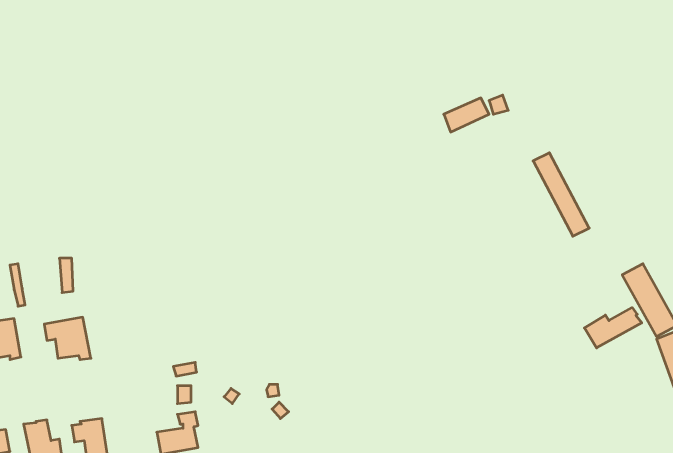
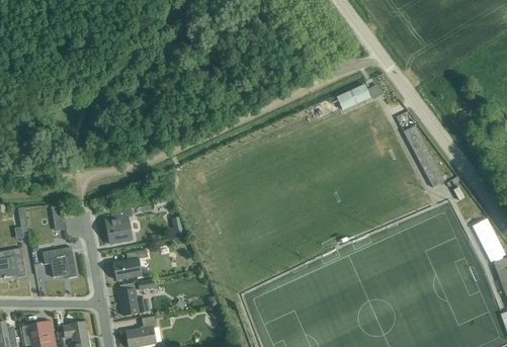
building: none -> [105,207,133,244]
building: [584,308,642,348] -> none
building: none -> [114,249,148,279]
building: none -> [119,288,139,315]

